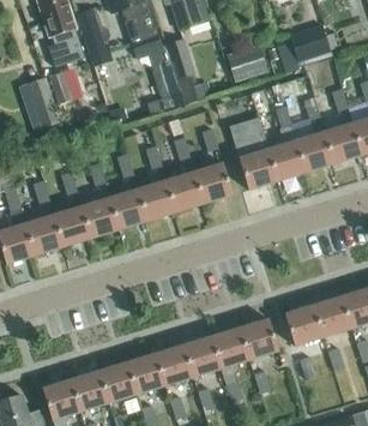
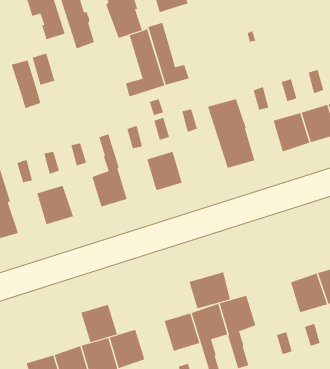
building: [288,24,331,62] -> none
building: [225,43,267,82] -> none
building: [267,139,304,180] -> none
building: [193,162,231,203] -> none
building: [137,179,175,220] -> none
building: [80,197,119,238] -> none
building: [24,214,62,254] -> none
building: none -> [189,271,231,309]
building: [284,305,322,344] -> none
building: [155,344,193,384] -> [80,304,118,343]

